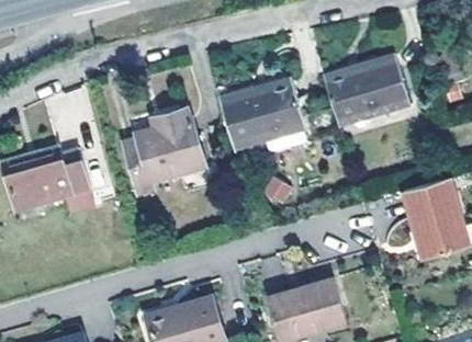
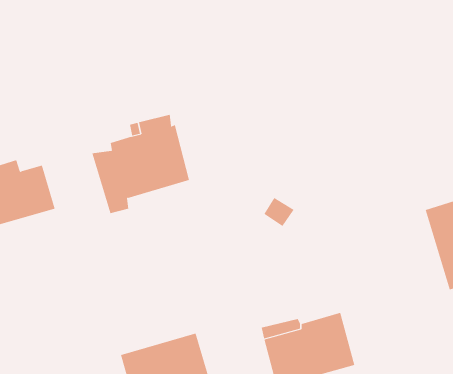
building: [326,57,409,124] -> none
building: [223,80,306,148] -> none

